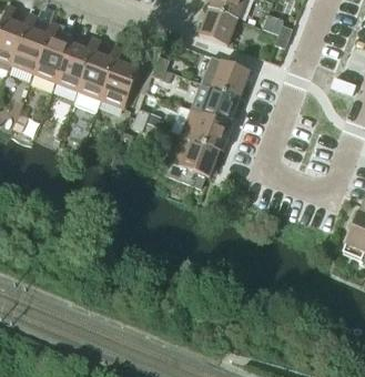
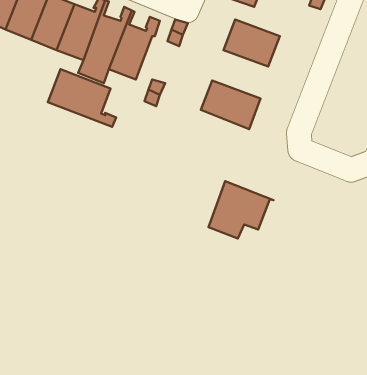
building: [192,82,241,124] -> none
building: none -> [48,69,116,127]
building: [168,134,224,184] -> [209,181,274,239]

